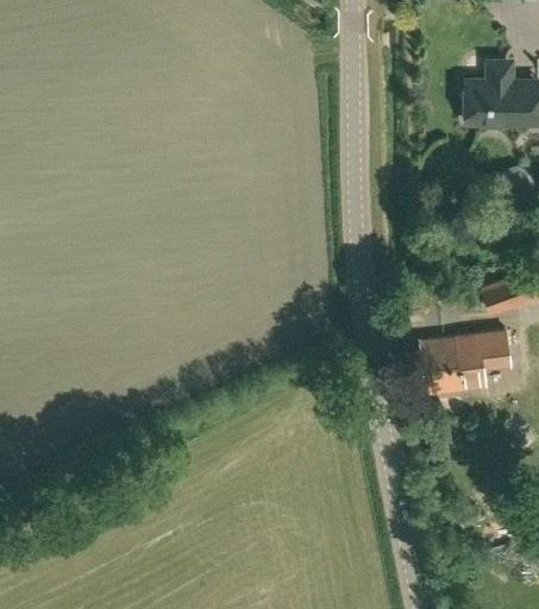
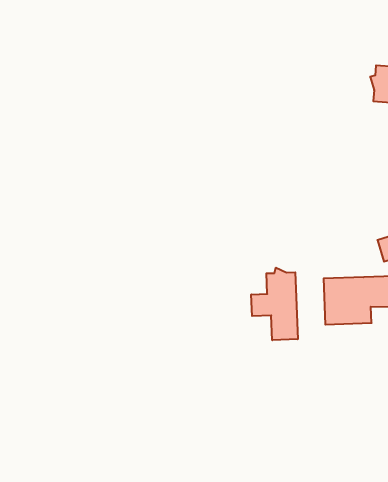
building: none -> [251,268,298,340]

